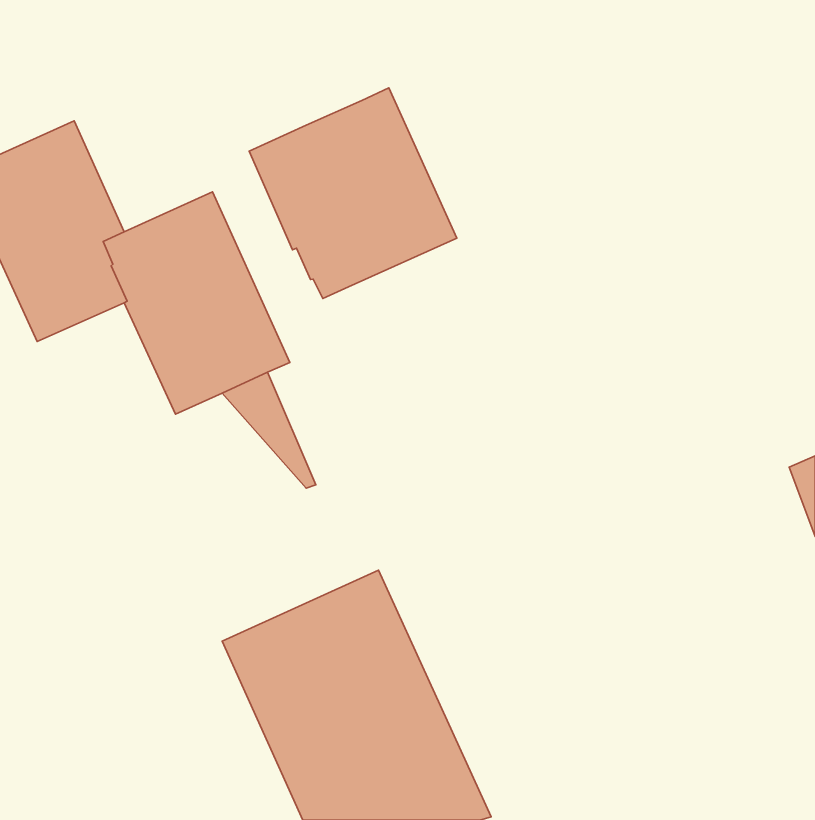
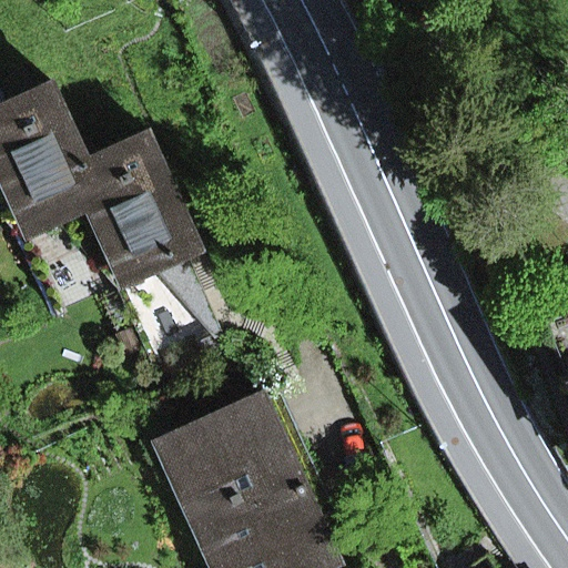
building: [249,88,457,298] -> none

